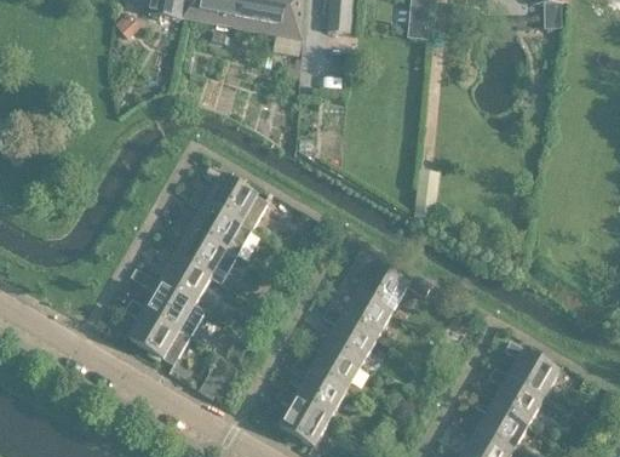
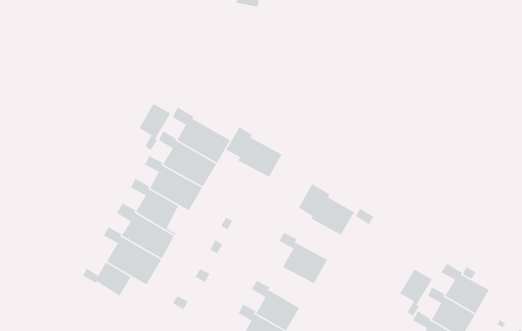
building: none -> [138,103,171,151]
building: [328,279,392,337] -> [225,126,282,178]
building: [306,333,362,392] -> none
building: none -> [82,261,132,297]
building: none -> [399,268,433,317]

